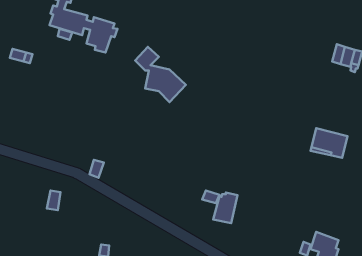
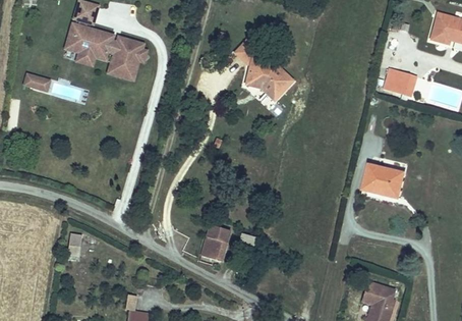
building: [135,47,186,102] -> [234,37,291,99]
building: [213,192,238,223] -> [200,225,228,260]

